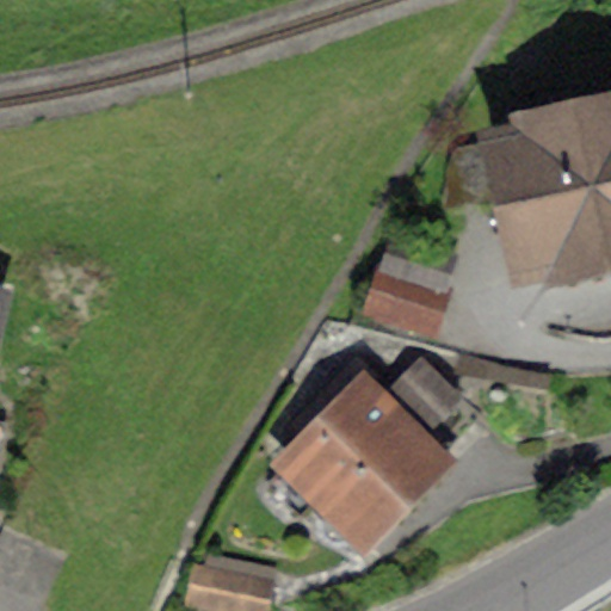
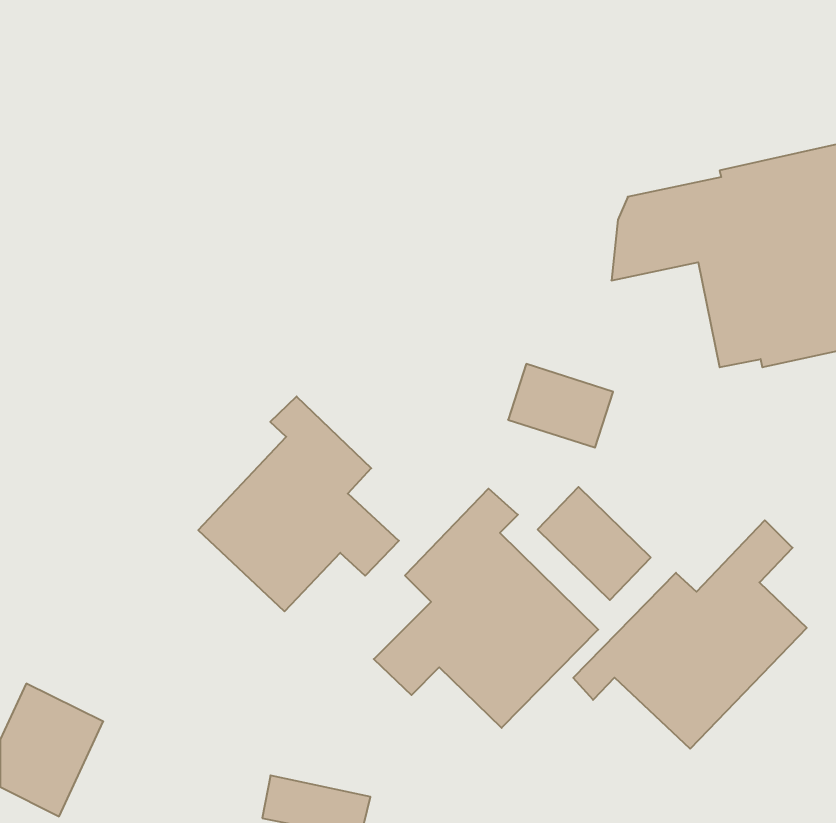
building: none -> [198,396,399,611]
building: none -> [573,520,807,749]

